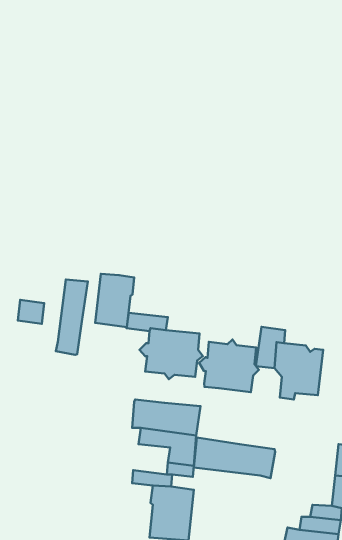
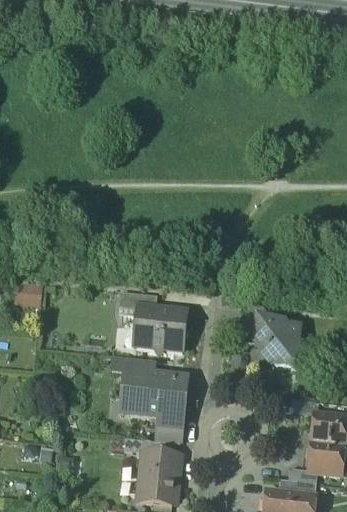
building: [95,274,134,327] -> none
building: [56,280,88,355] -> none
building: [199,339,259,392] -> none
building: none -> [118,355,156,374]
building: [194,437,275,478] -> none

